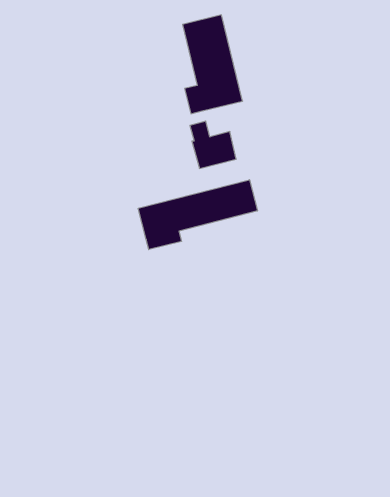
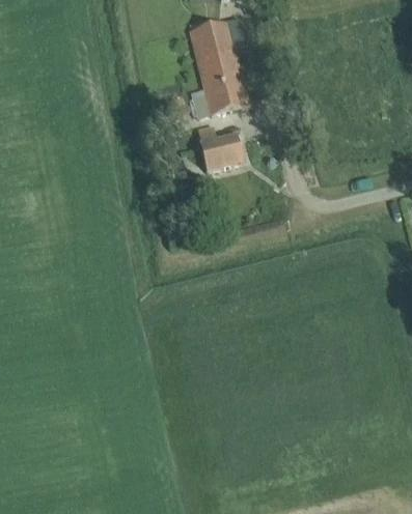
building: [138,180,257,250] -> none

